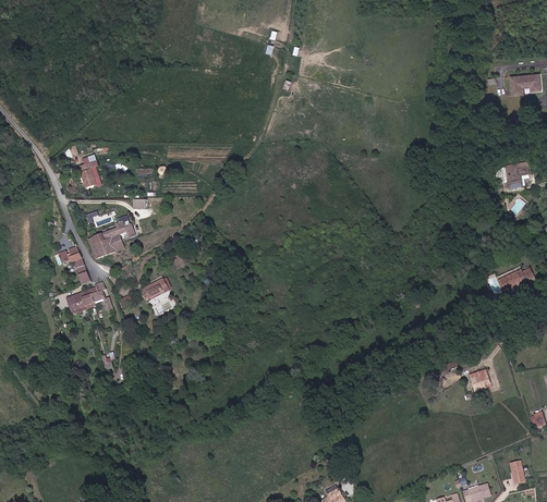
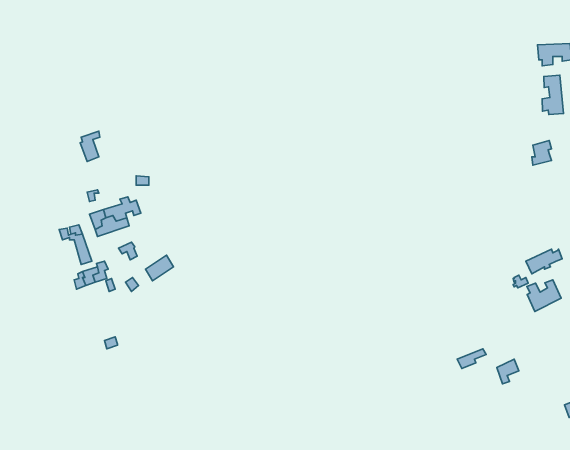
building: none -> [542,75,564,114]
building: none -> [527,280,561,312]

